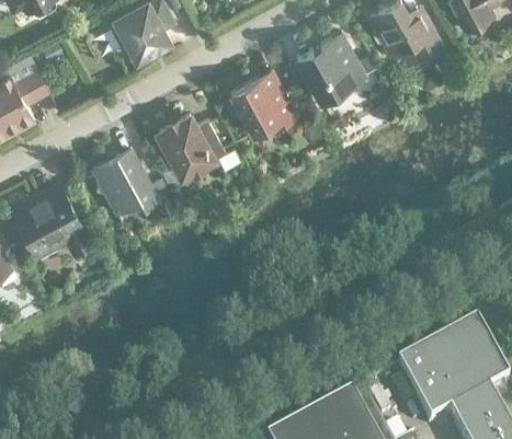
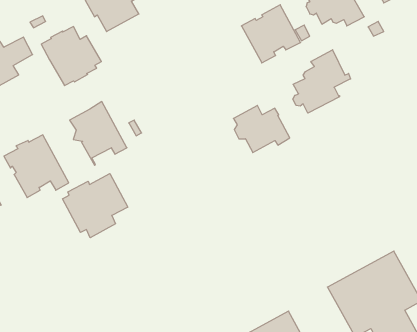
building: [231,76,298,131] -> [233,105,290,153]
building: none -> [293,50,351,113]
building: [155,107,226,177] -> [41,27,101,86]
building: none -> [63,174,128,238]

